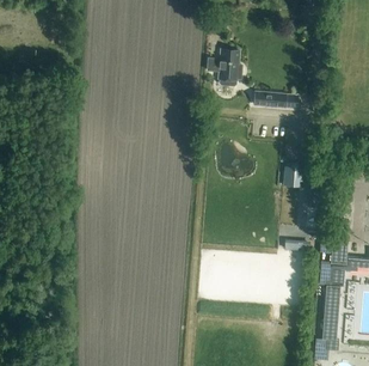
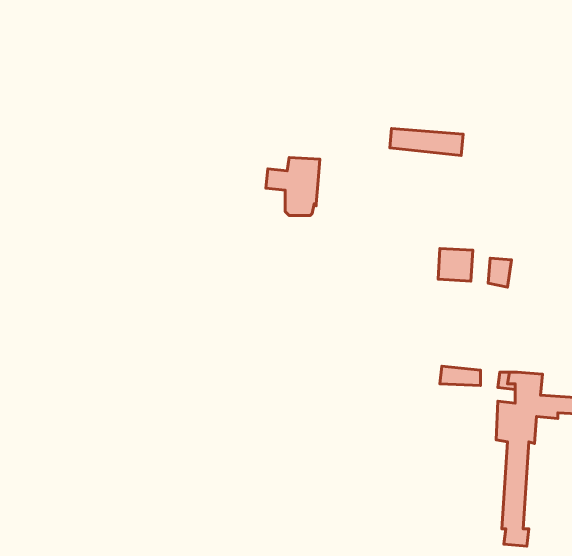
building: [207,49,240,85] -> [266,157,320,215]

